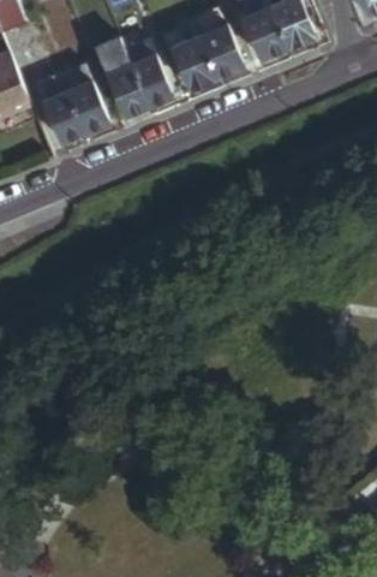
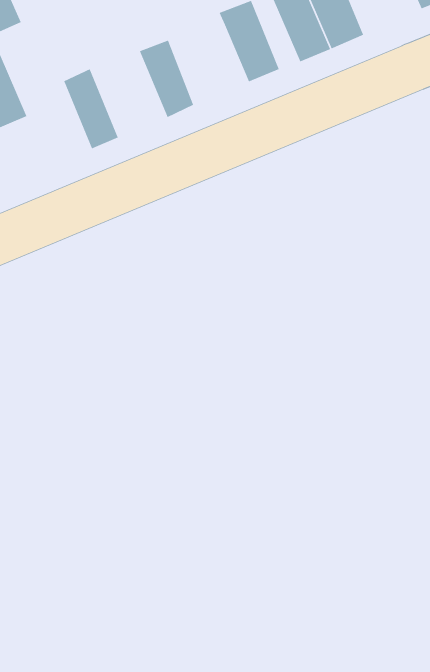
building: [175,30,221,90] -> none
building: [100,38,152,118] -> none
building: [42,77,89,145] -> none

